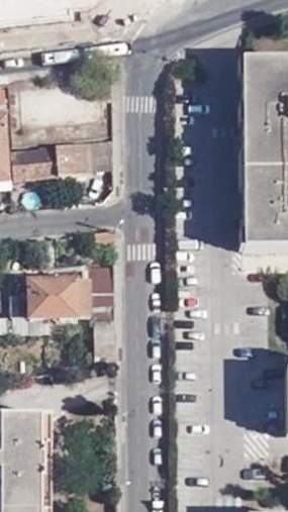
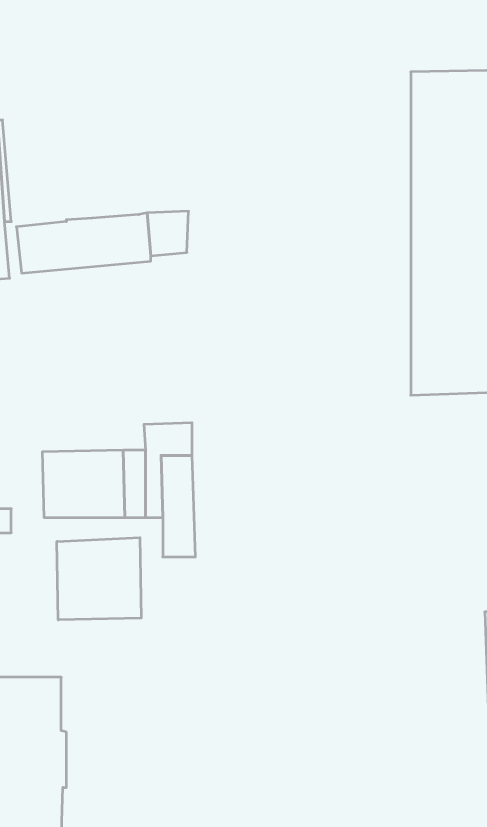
building: none -> [57,538,141,620]

